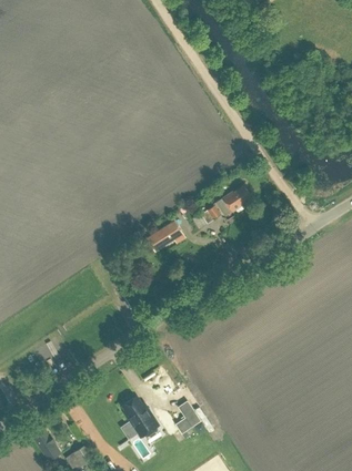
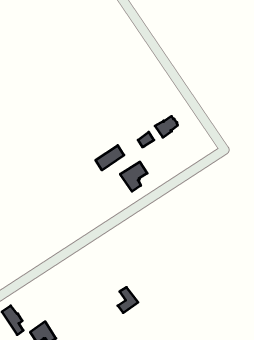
building: none -> [120,162,147,191]
building: [122,396,159,438] -> none

